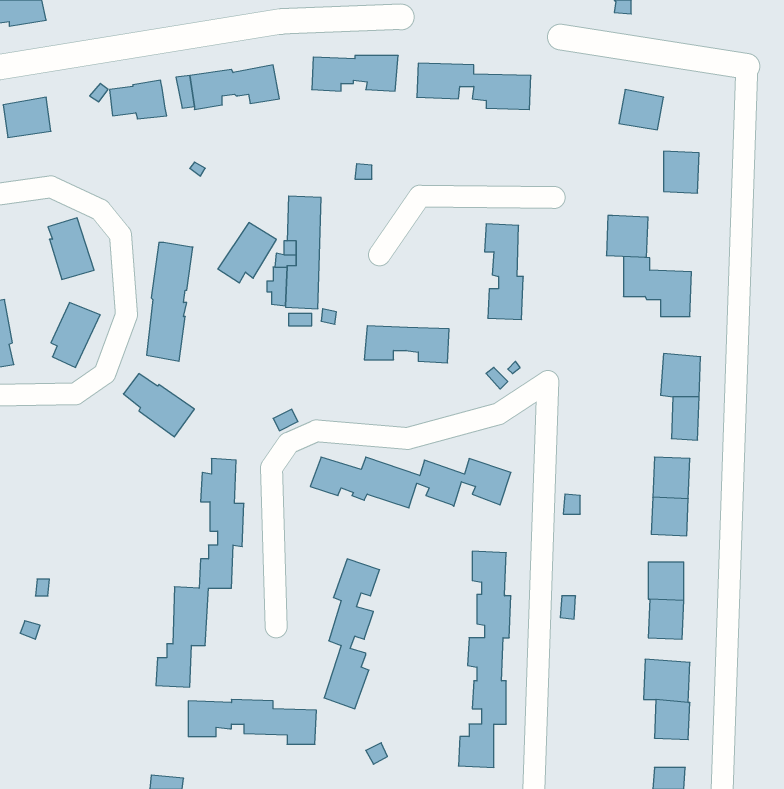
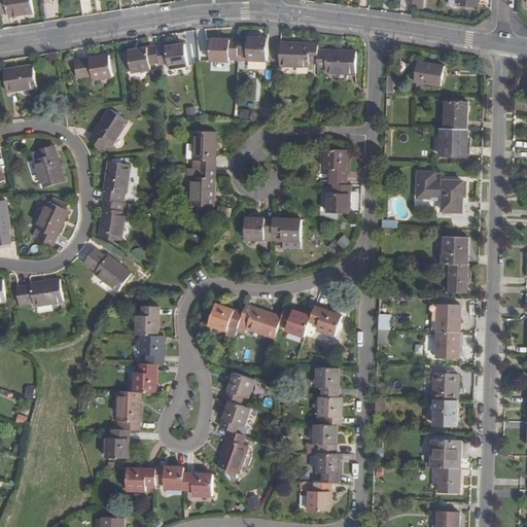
building: [606,216,648,257] -> [438,128,466,155]
building: [218,223,276,283] -> [86,109,126,149]
building: none -> [14,279,62,307]

